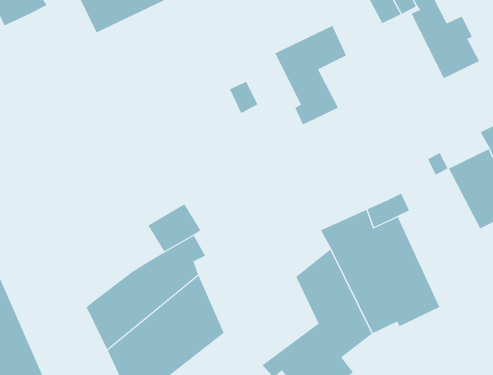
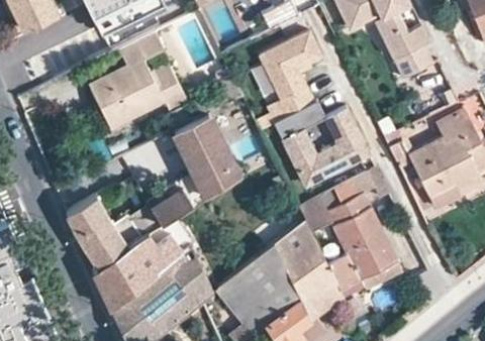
building: none -> [88,32,185,128]
building: none -> [270,99,367,184]
building: none -> [173,116,237,198]
building: none -> [66,196,139,268]
building: none -> [219,246,293,323]

